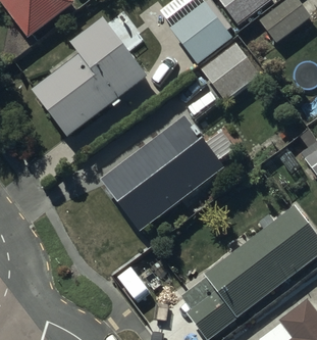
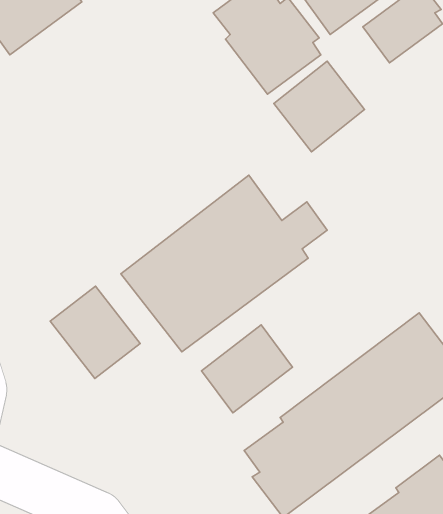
building: [33,17,149,137] -> none
building: none -> [50,286,140,378]
building: none -> [201,325,293,413]

